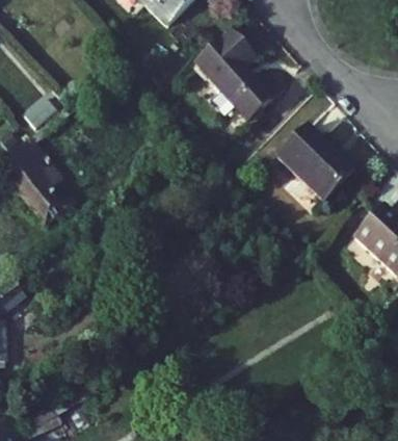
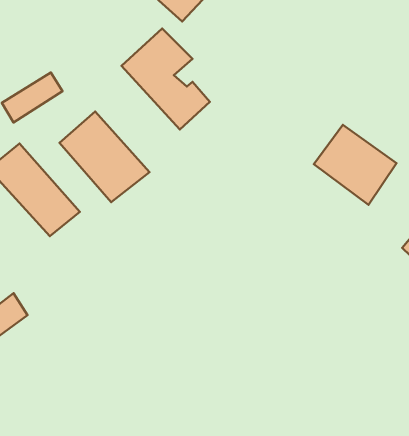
building: [197,31,276,122] -> [122,29,210,130]
building: none -> [60,111,149,202]

